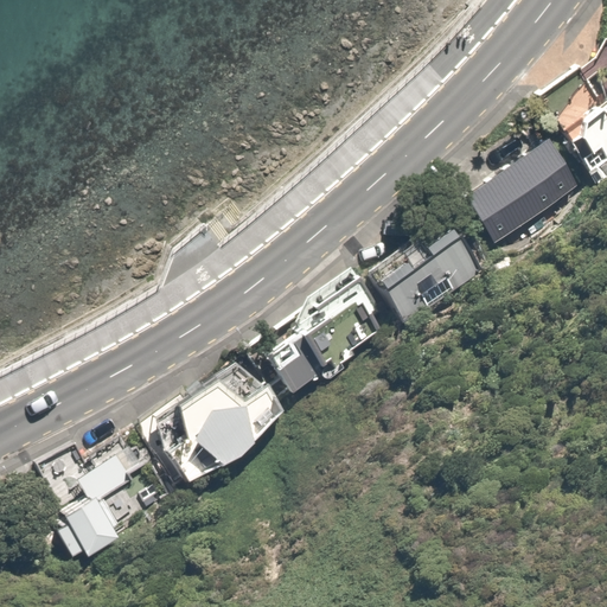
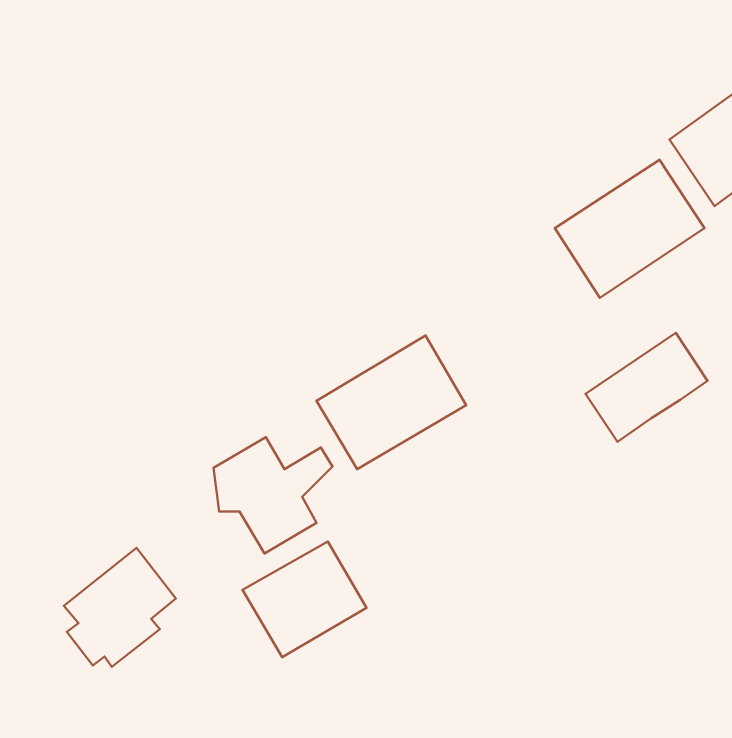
building: [378,237,478,326] -> [586,333,708,442]
building: none -> [243,541,366,657]

